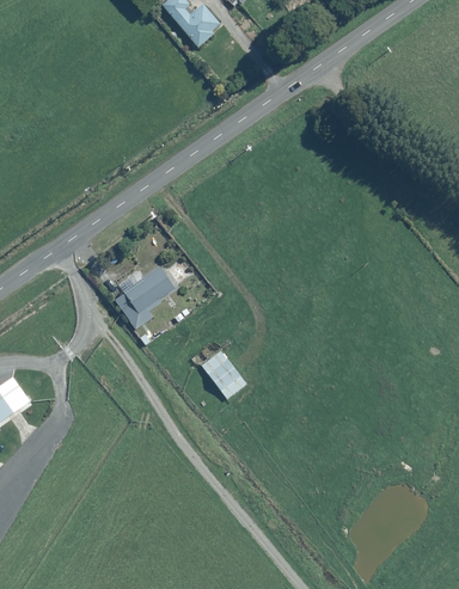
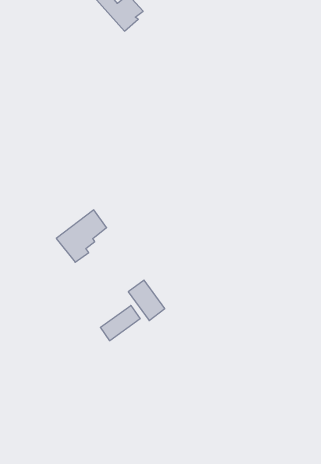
building: none -> [100,305,140,341]

